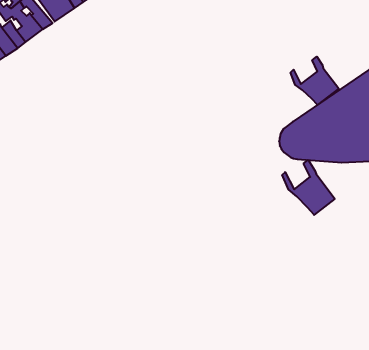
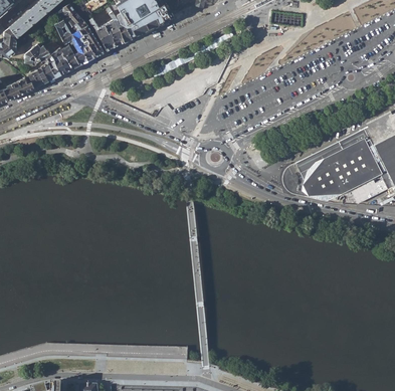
building: [291,57,339,105] -> none
building: [282,160,335,215] -> none

